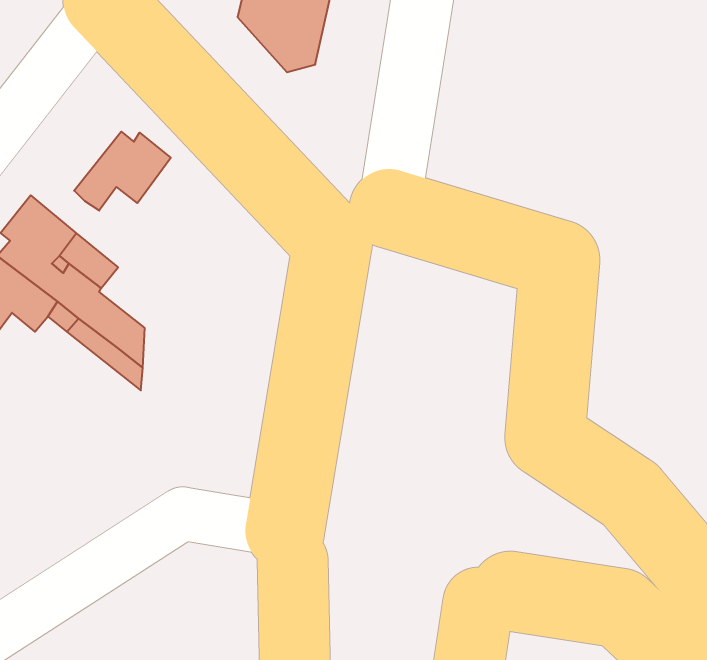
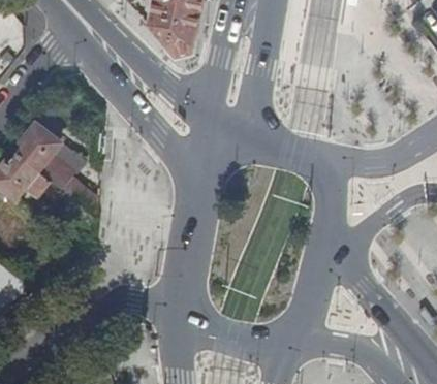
building: [74,132,171,211] -> none

